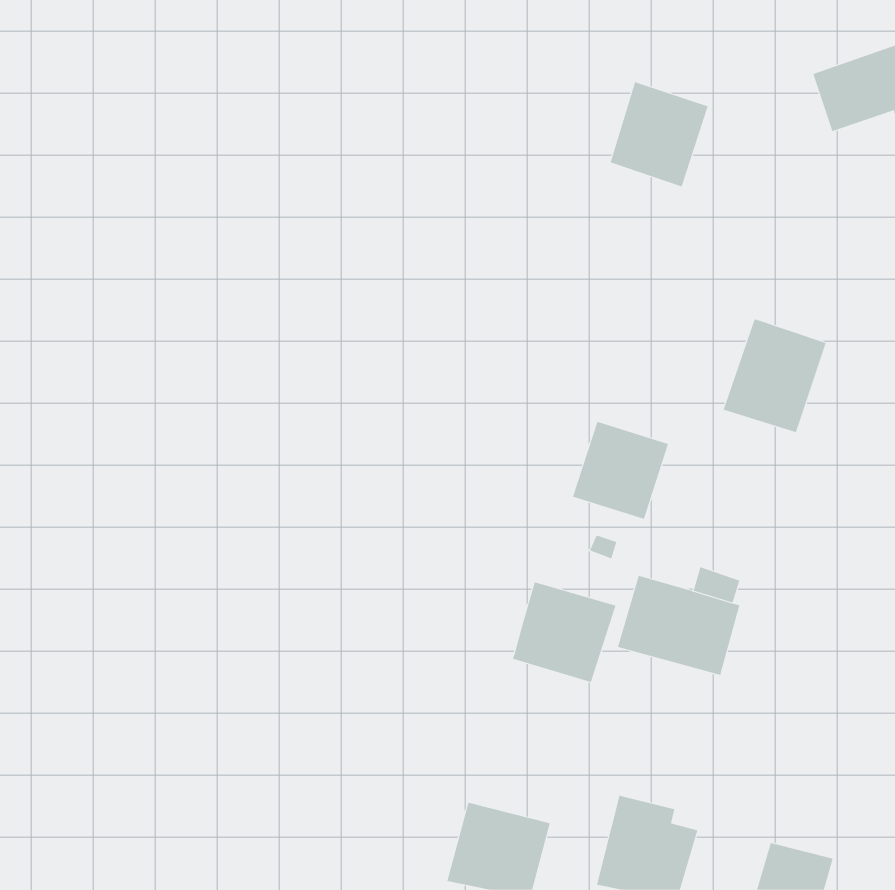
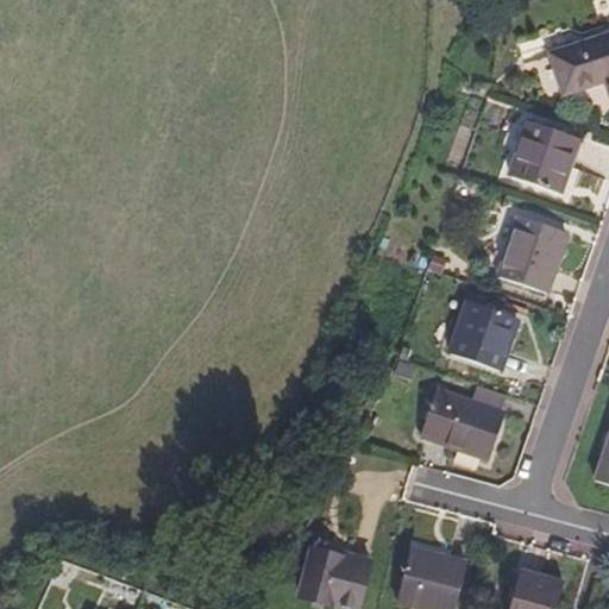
building: [610,81,708,187] -> [506,119,572,190]
building: [572,421,669,520] -> [447,303,513,370]
building: [512,582,616,683] -> none

